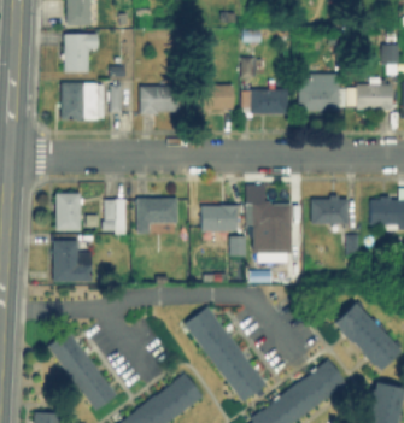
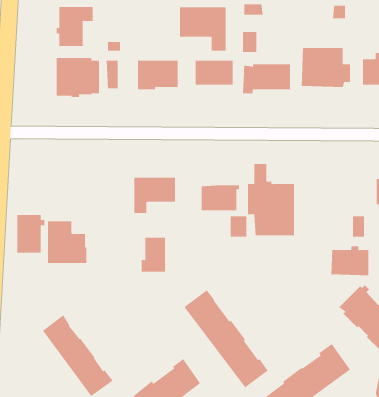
building: none -> [179,6,226,51]
building: [55,194,83,231] -> [16,215,45,253]
building: [311,196,349,225] -> [330,246,369,276]
building: [101,200,125,234] -> [141,237,166,272]

